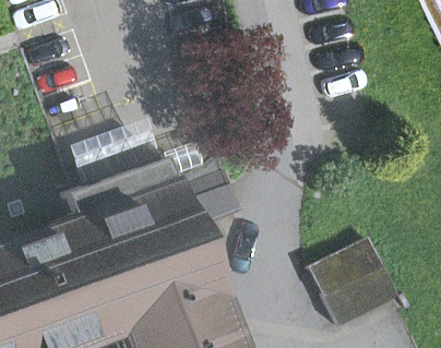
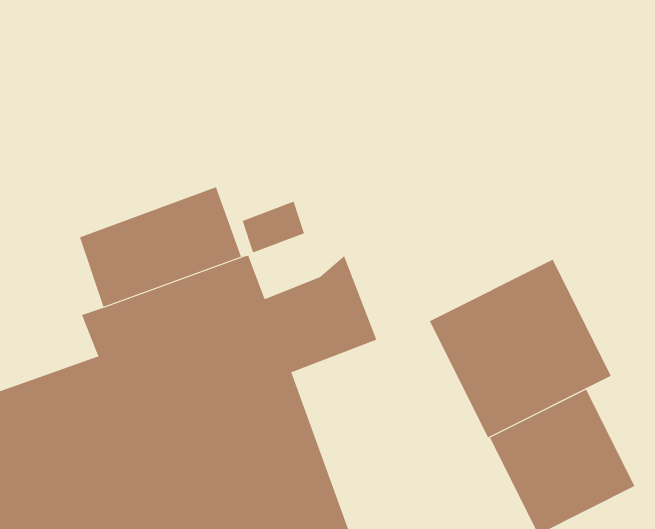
building: none -> [429,259,612,438]

